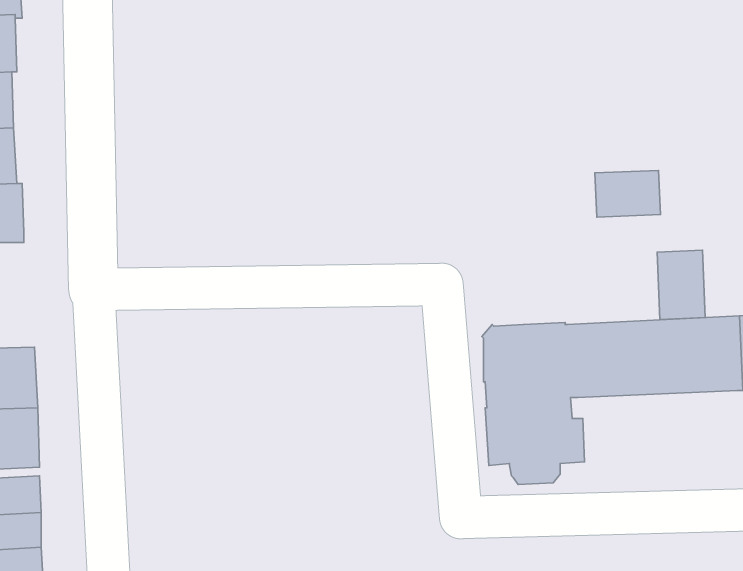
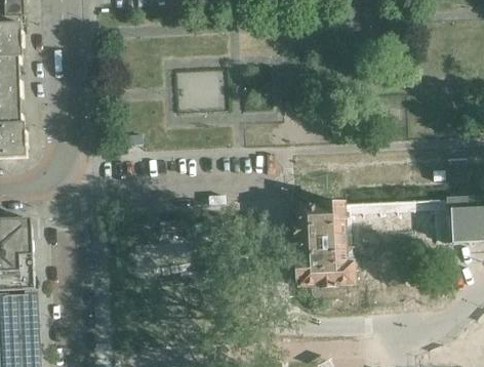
building: [595,170,661,217] -> none
building: [657,250,705,319] -> none

